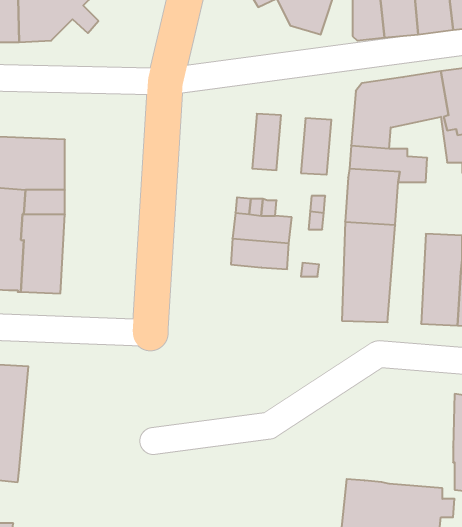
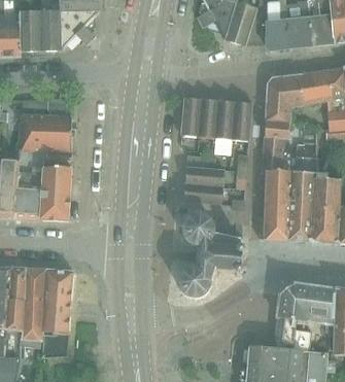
building: none -> [180,98,201,136]
building: none -> [214,100,234,139]
building: none -> [289,145,315,241]
building: none -> [178,213,242,298]
building: none -> [40,270,72,357]
building: none -> [274,283,335,348]

